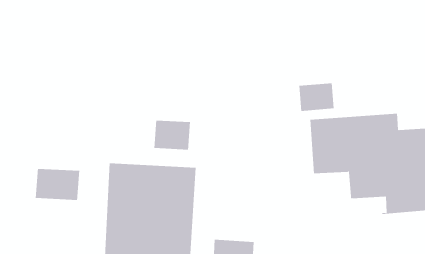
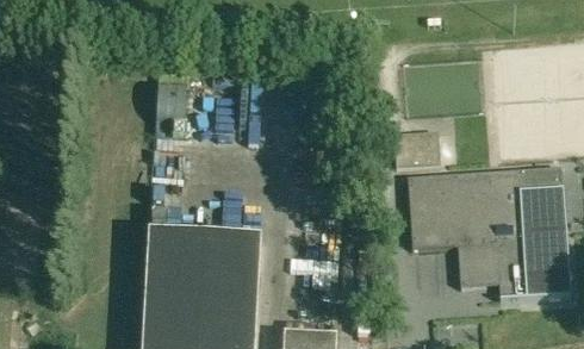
building: [154,120,191,150] -> none
building: [35,168,80,201] -> none

